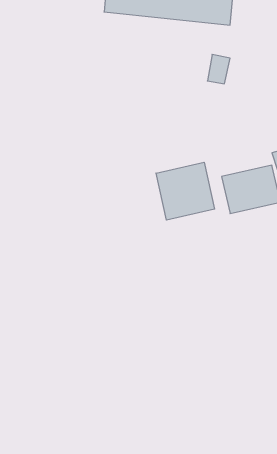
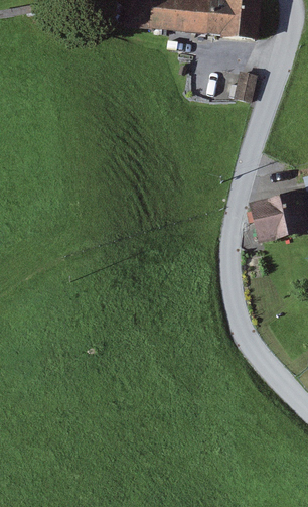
building: [156,162,215,220] -> none

